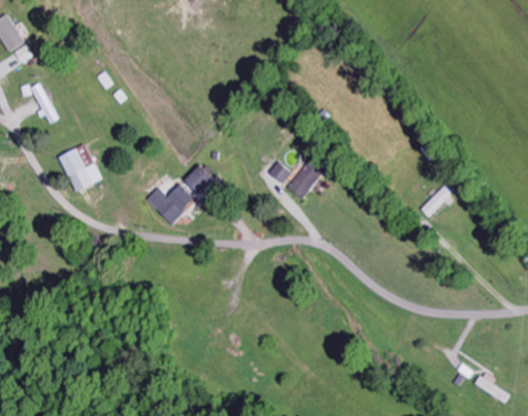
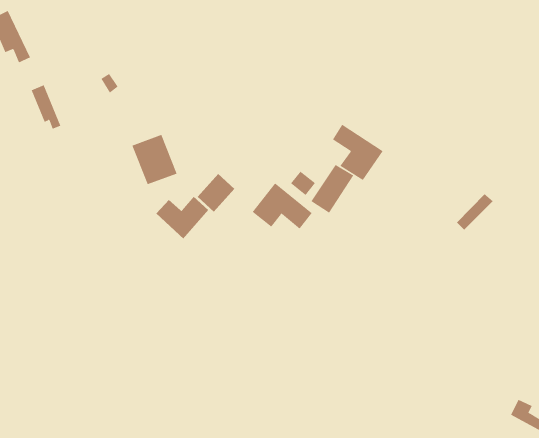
building: none -> [332,124,383,181]
building: [61,145,103,191] -> [132,134,178,185]
building: none -> [252,182,313,230]

